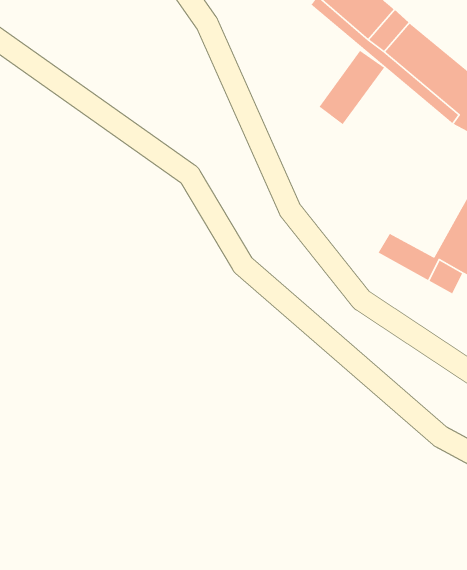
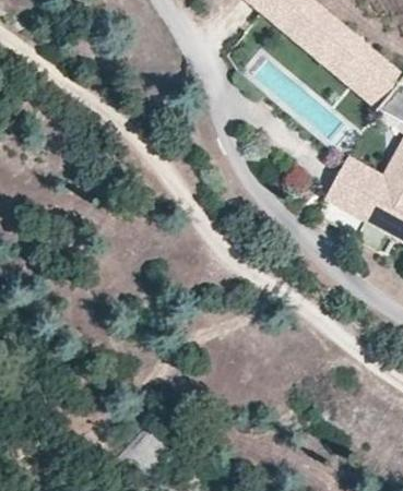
building: [319,50,385,125] -> none
building: none -> [321,153,379,213]

